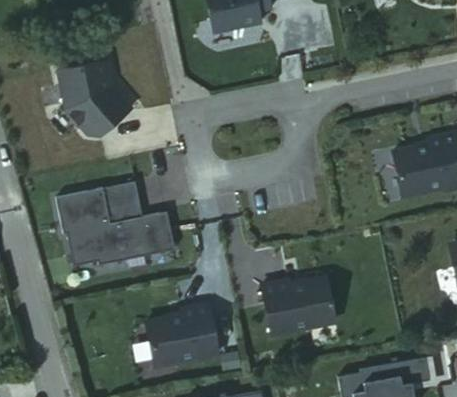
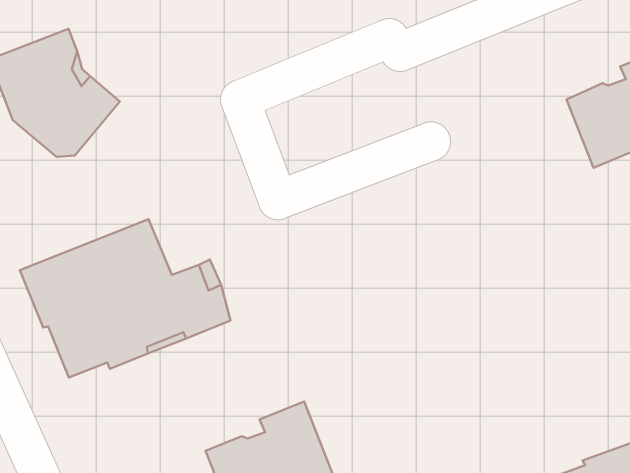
building: [260,270,336,332] -> none

